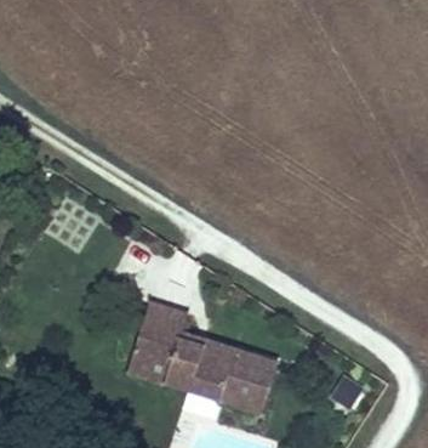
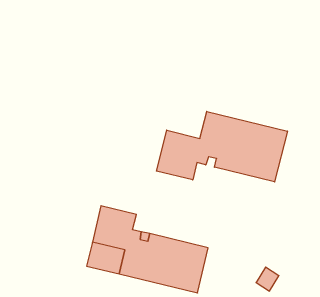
building: none -> [156,111,287,182]

